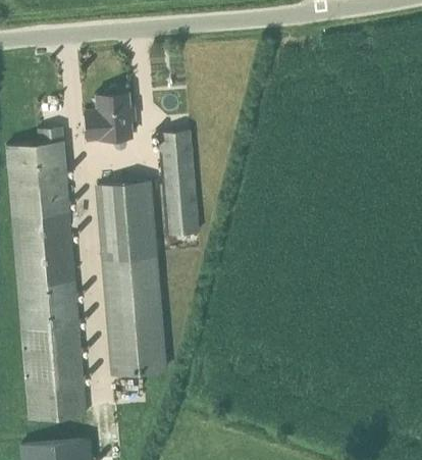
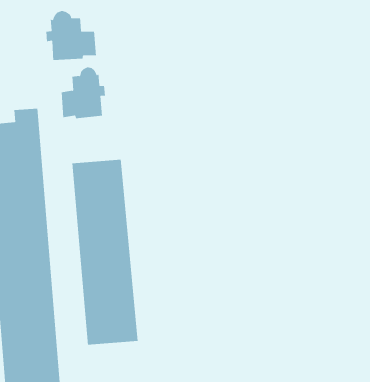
building: none -> [46,10,96,61]
building: [158,132,200,238] -> none

